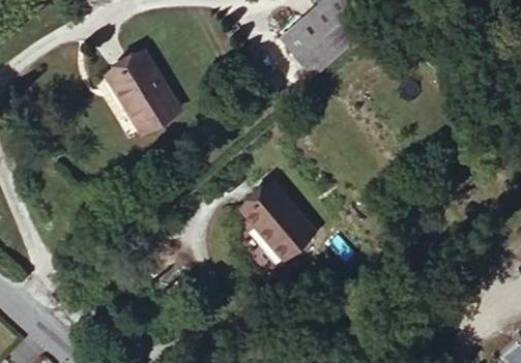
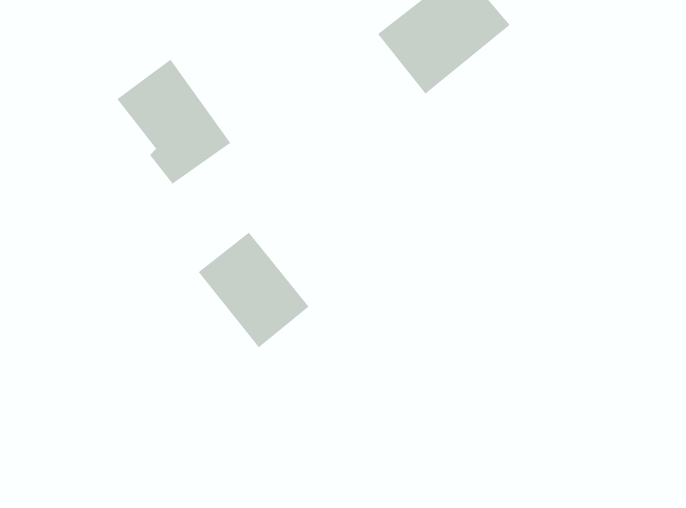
building: [238,181,313,259] -> [198,232,310,348]

